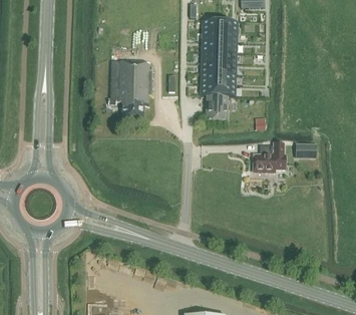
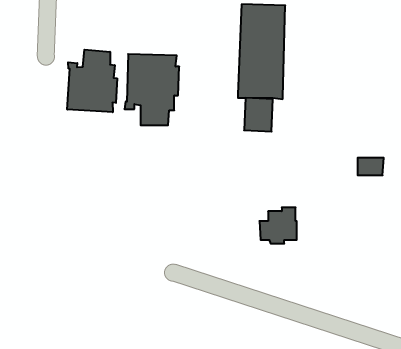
building: none -> [67,50,117,112]
building: [255,141,285,171] -> [259,207,297,244]

